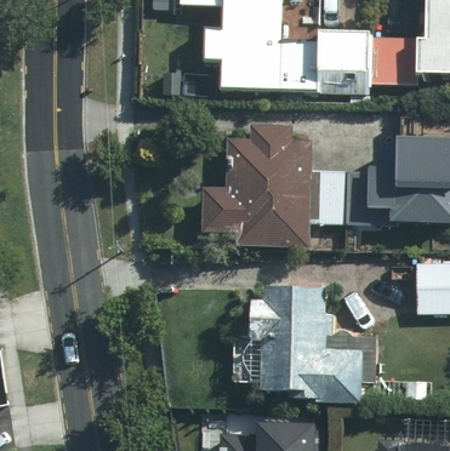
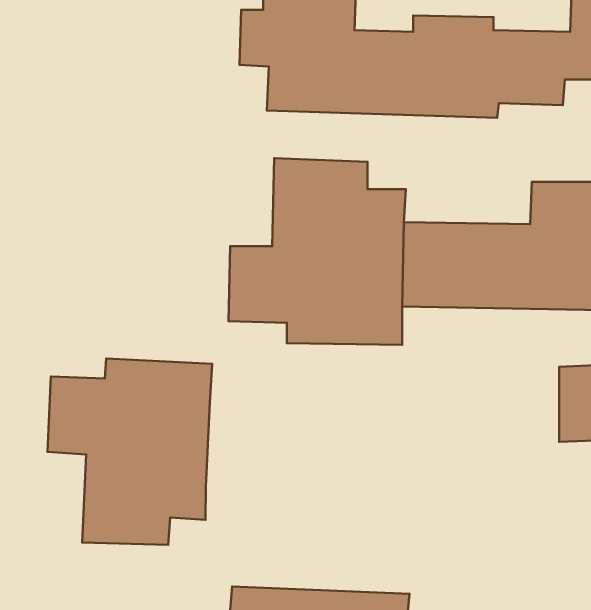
building: none -> [48,358,212,545]
building: [234,282,380,404] -> none

